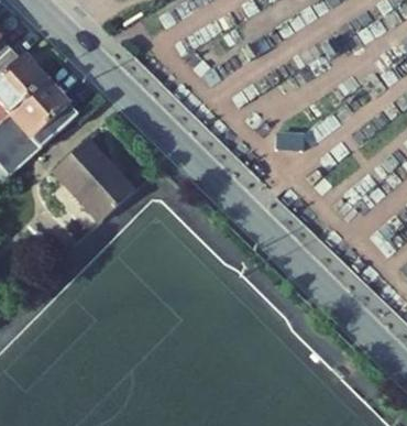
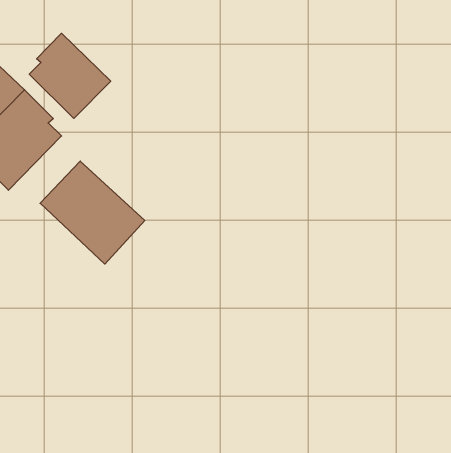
building: none -> [29,33,111,118]

